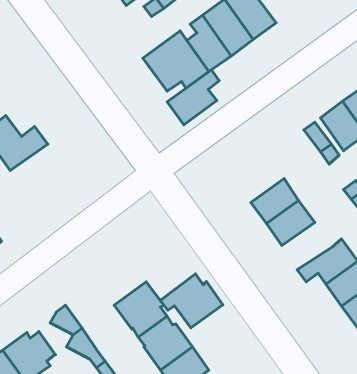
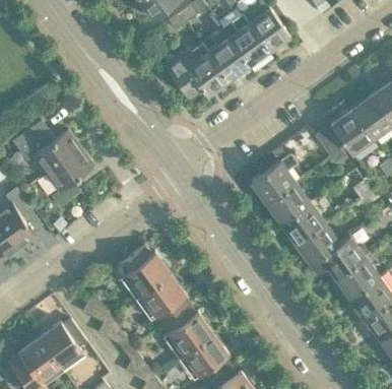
building: [167,70,219,125] -> [251,151,299,202]
building: none -> [45,148,93,207]
building: none -> [295,220,341,263]
building: [160,274,223,328] -> [112,247,170,297]

